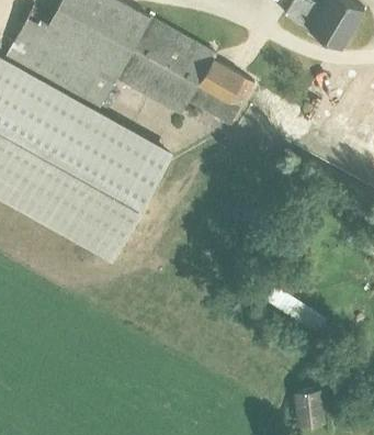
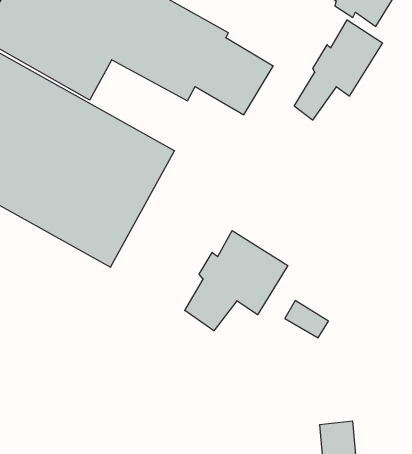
building: none -> [294,20,383,120]
building: none -> [185,231,288,331]

